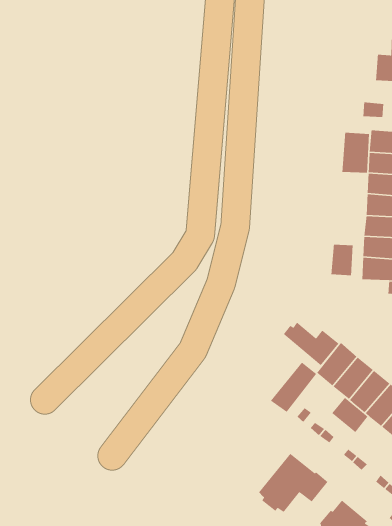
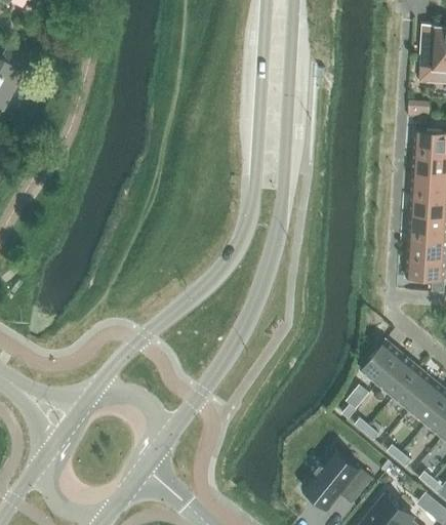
building: [342,132,370,173] -> none
building: [331,244,354,276] -> none
building: [283,321,340,366] -> none
building: [270,361,317,413] -> none
building: [331,397,368,433] -> none

